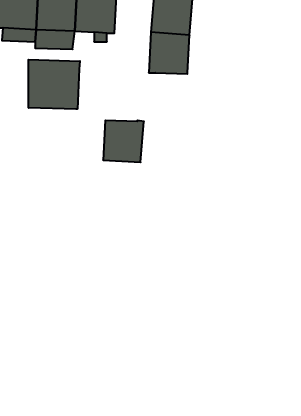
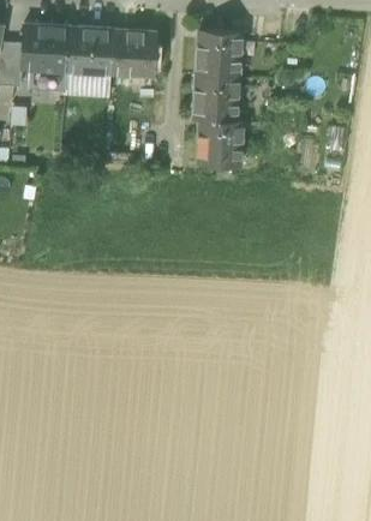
building: [28,60,80,109] -> none
building: [103,120,144,162] -> [198,119,244,166]

